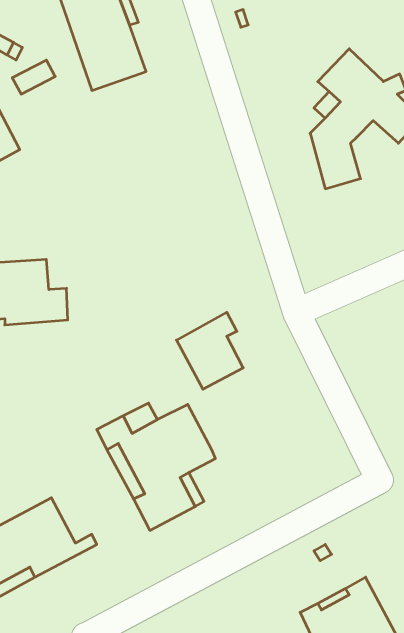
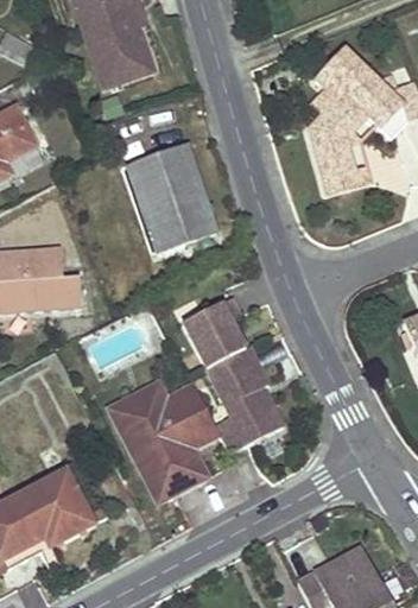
building: none -> [322,132,370,195]
building: none -> [127,146,216,252]
building: none -> [207,347,283,454]

